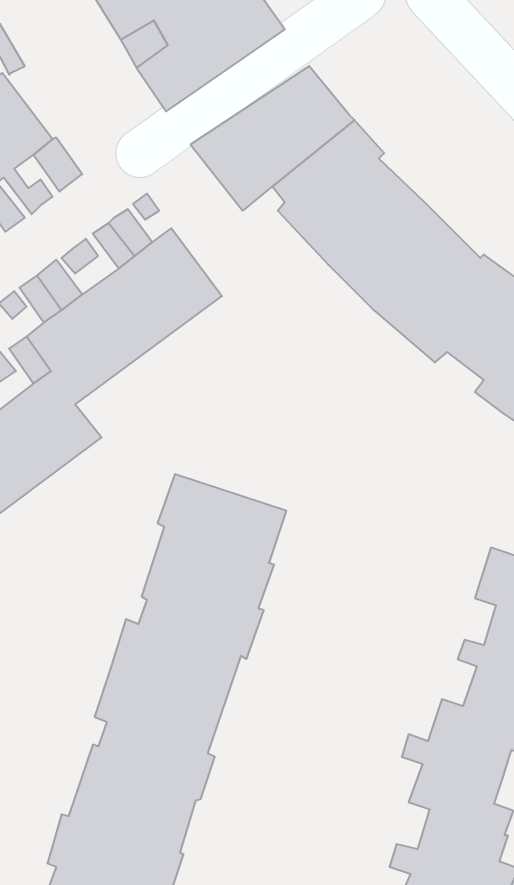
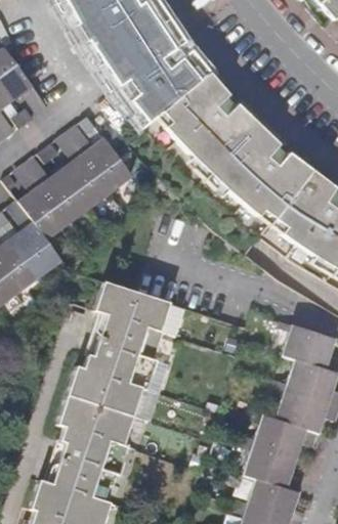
building: none -> [101,18,185,86]

